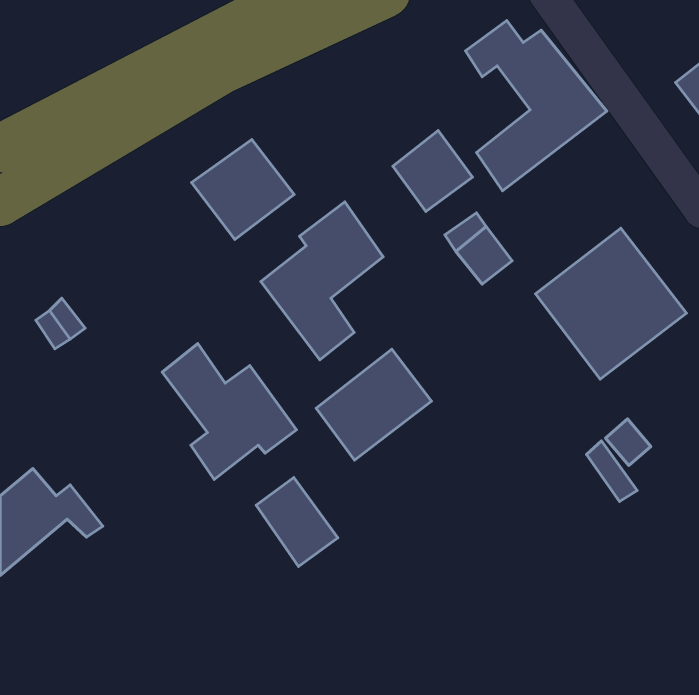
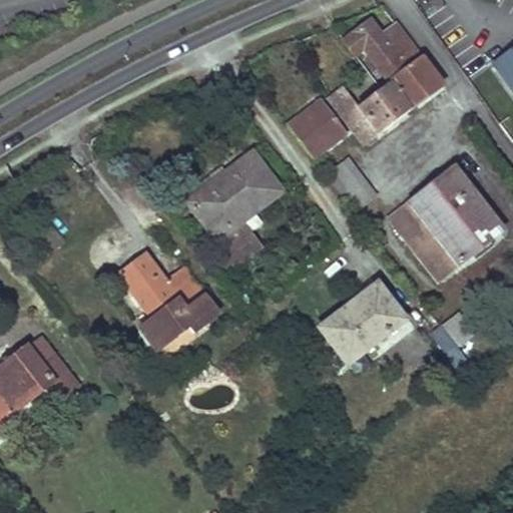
building: [192,140,294,240] -> none
building: [316,349,432,460] -> [321,281,405,362]
building: [256,477,338,566] -> none

